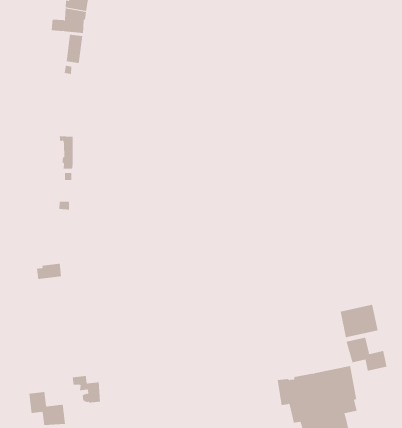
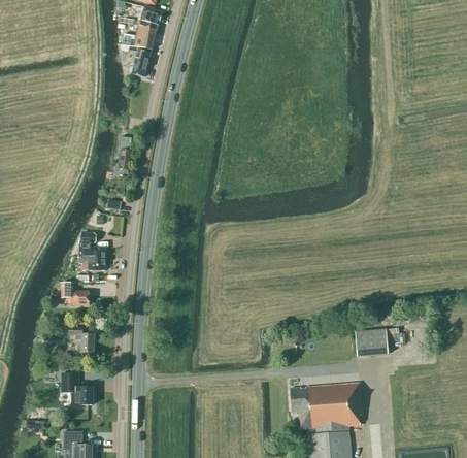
building: none -> [79,232,105,257]
building: none -> [61,282,89,304]
building: [346,337,387,371] -> none
building: [72,375,101,403] -> [69,326,94,352]

